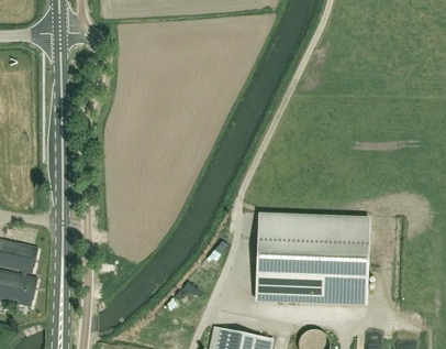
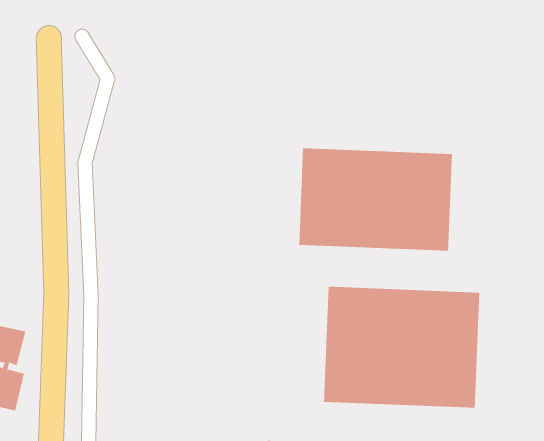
building: none -> [299,147,453,251]

